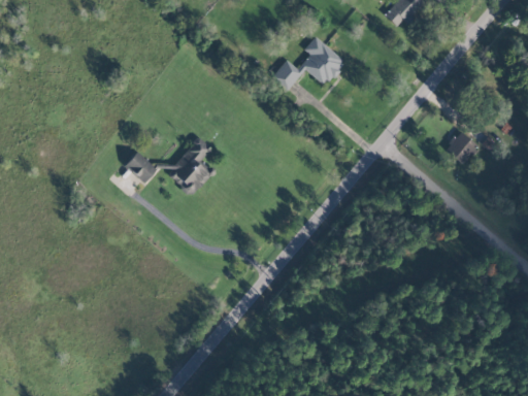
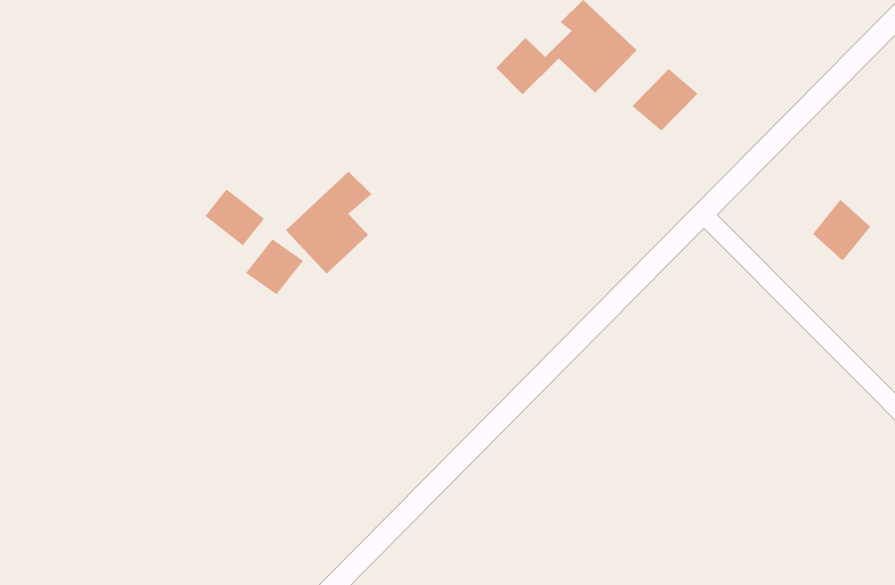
building: none -> [631,68,698,132]
building: none -> [245,239,304,295]

